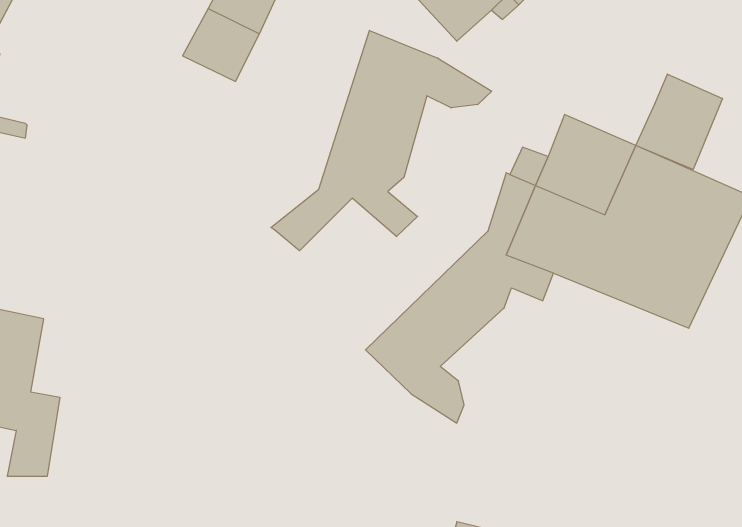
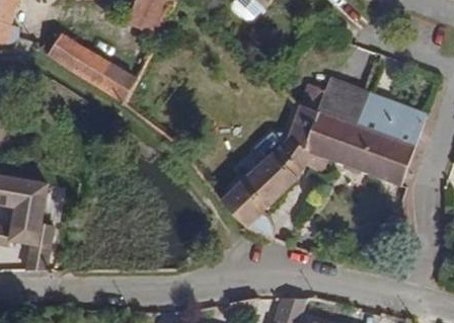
building: [271,30,492,251] -> none
building: none -> [32,39,132,103]
building: [636,74,722,169] -> none

